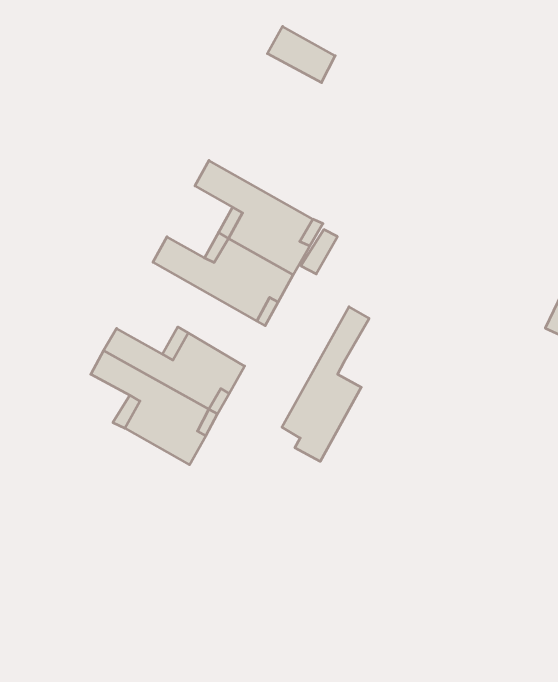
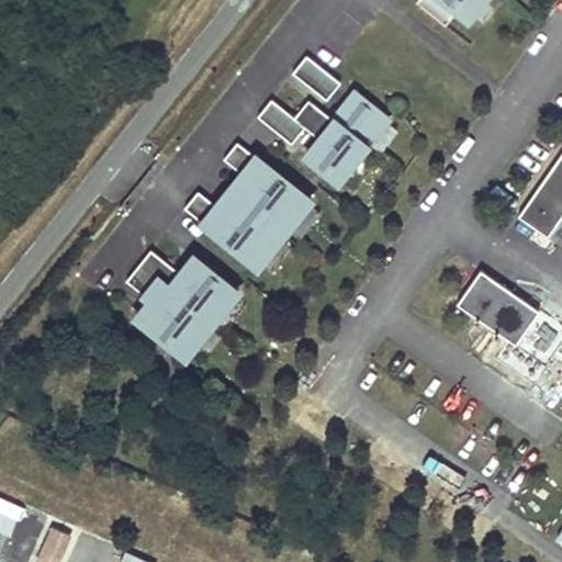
building: none -> [259,97,390,184]
building: [282,307,369,461] -> none

